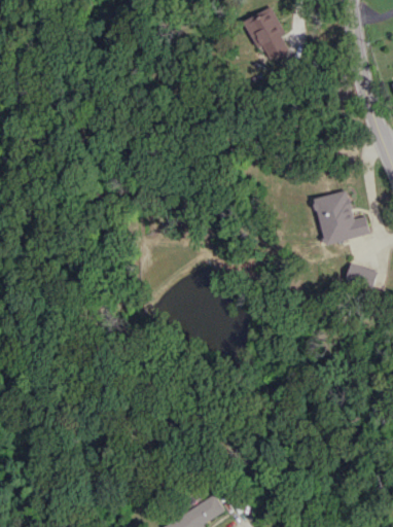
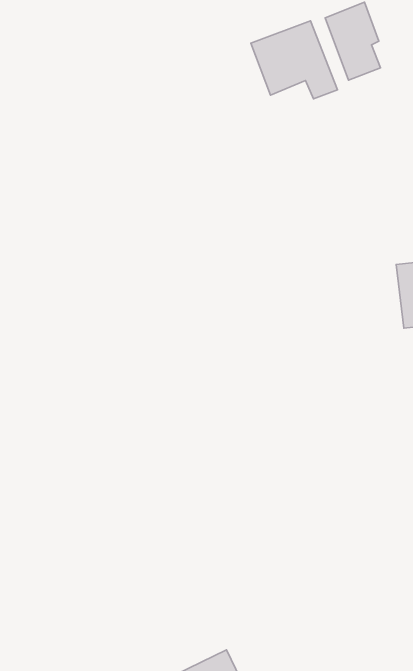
building: none -> [251,21,337,99]

